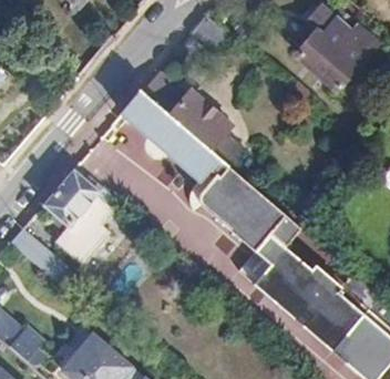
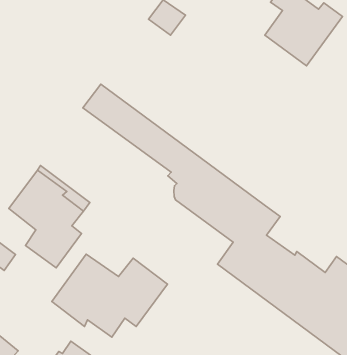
building: [138,71,243,170] -> none
building: none -> [52,254,167,337]

